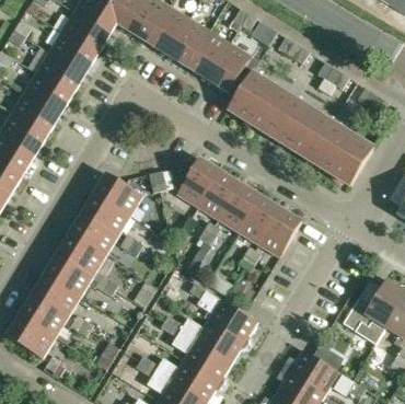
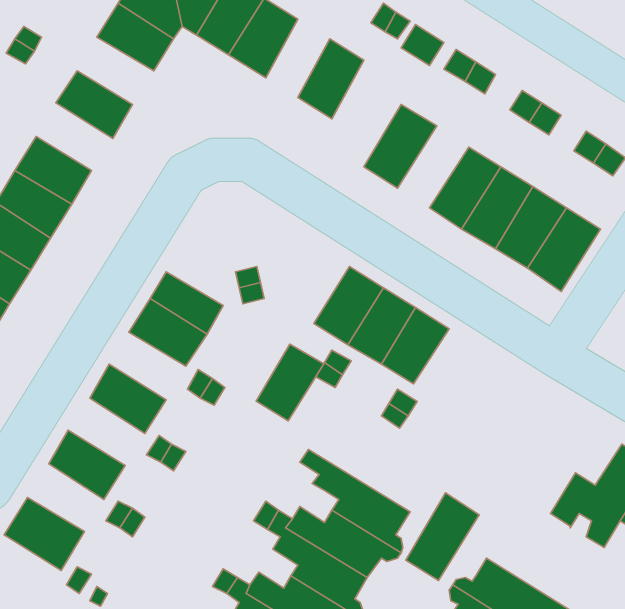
building: [167,18,207,66] -> none
building: [51,28,99,70] -> none
building: [208,43,250,91] -> none
building: [26,69,73,111] -> none
building: [248,83,292,134] -> none
building: [177,158,219,205] -> [256,344,324,421]
building: [258,208,301,255] -> none
building: [71,210,118,252] -> none
building: [46,251,93,292] -> none
building: [21,291,68,333] -> none
building: none -> [406,493,479,580]

